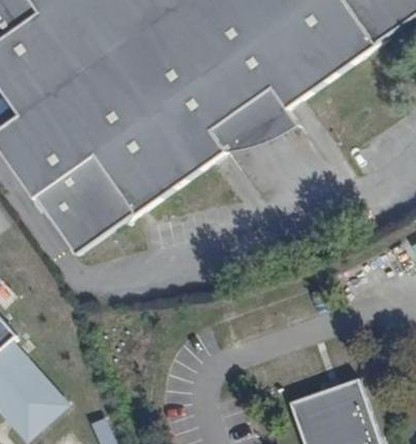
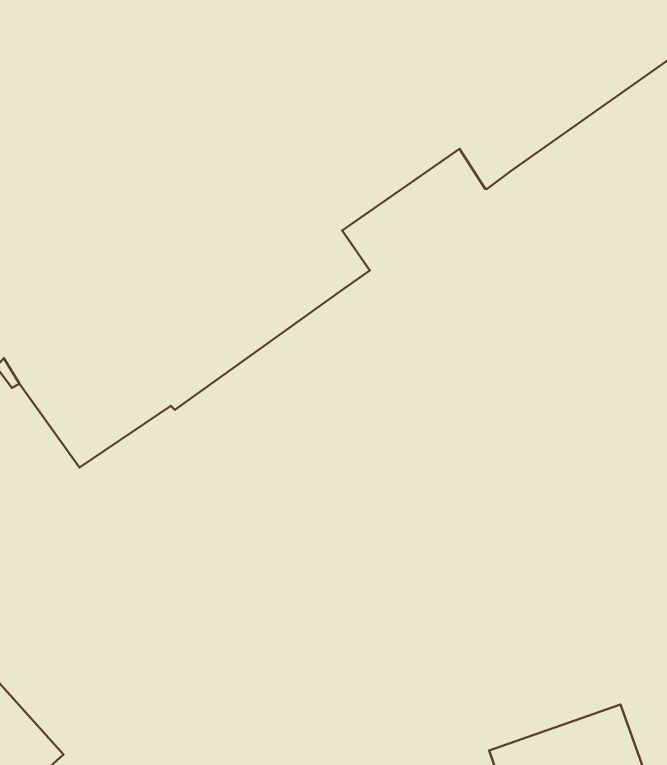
building: [211,87,298,151] -> none

